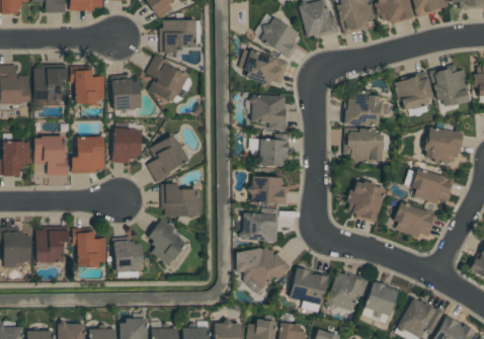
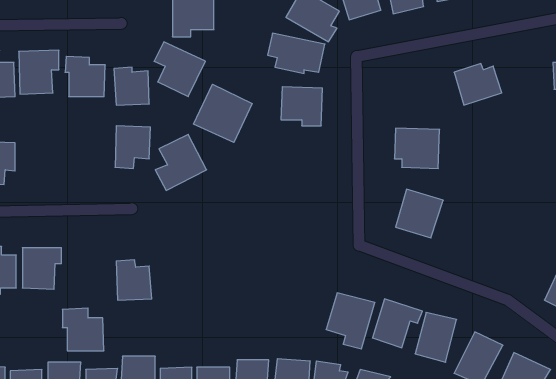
building: [430,67,471,109] -> none
building: none -> [194,84,252,142]
building: [344,93,380,126] -> none
building: [424,128,463,164] -> none
building: [34,136,67,175] -> none
building: [72,136,105,172] -> none
building: [259,139,288,167] -> none
building: [411,170,454,203] -> none
building: [250,176,288,204] -> none
building: [162,183,197,218] -> none
building: [392,202,436,242] -> none
building: [241,214,278,242] -> none
building: [147,224,186,265] -> none
building: [73,230,107,265] -> [62,308,104,351]
building: [236,249,289,289] -> none

